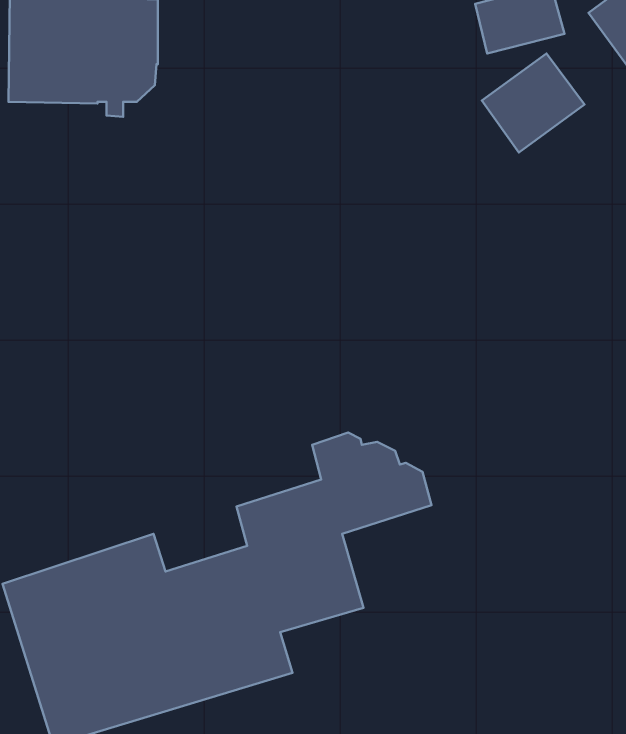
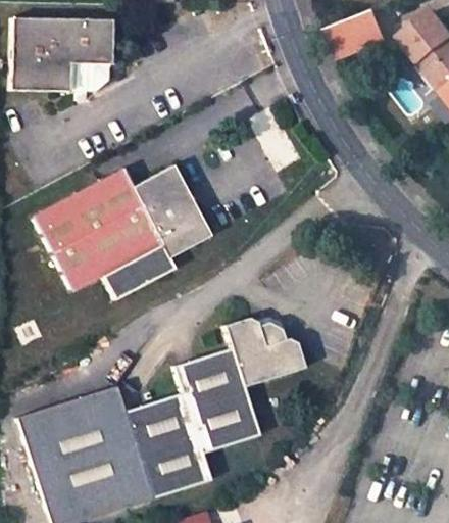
building: [482,54,585,153] -> none
building: none -> [37,165,213,300]

